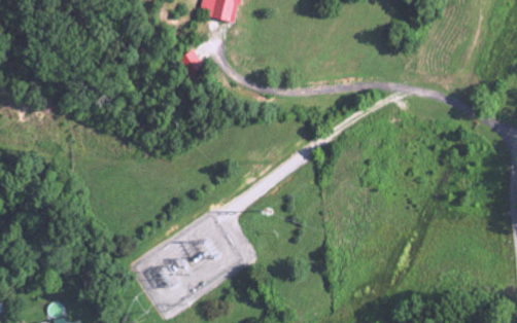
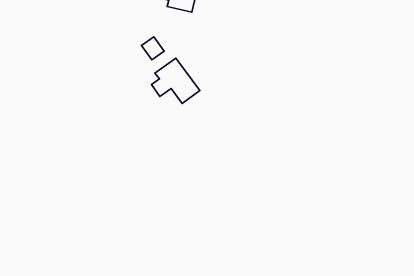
building: none -> [151,58,200,103]

